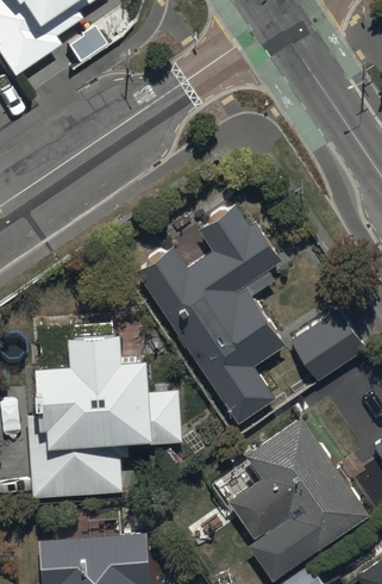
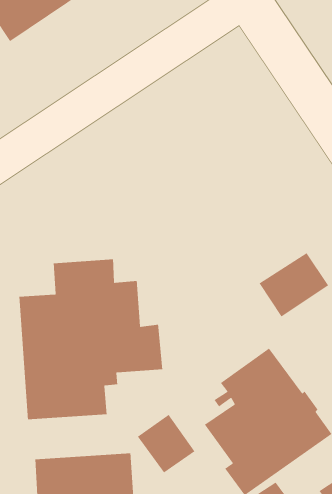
building: [138,206,287,423] -> none
building: none -> [137,414,195,474]

